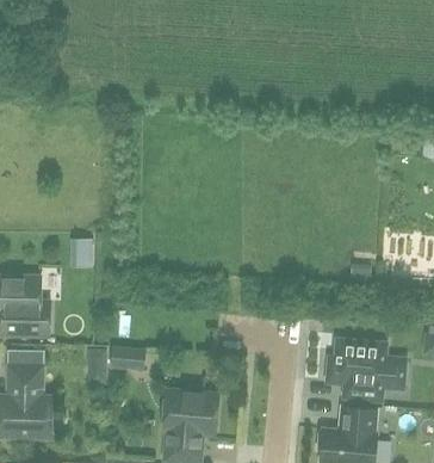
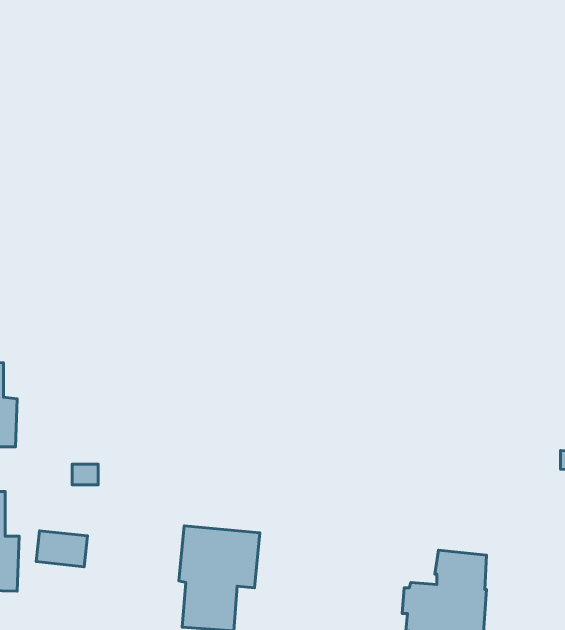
building: [327,340,393,401] -> none
building: [110,346,145,371] -> [36,531,88,567]

